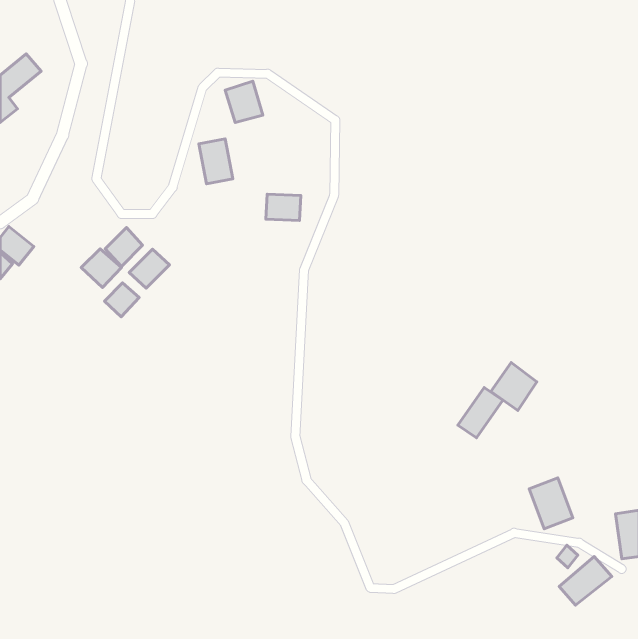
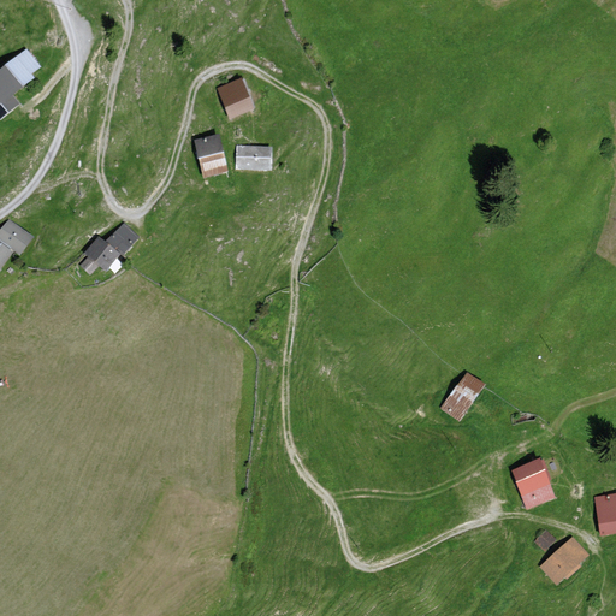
building: [266,194,301,221] -> [236,144,270,170]
building: [129,249,170,288] -> none
building: [104,283,139,317] -> none
building: [491,363,537,411] -> none

